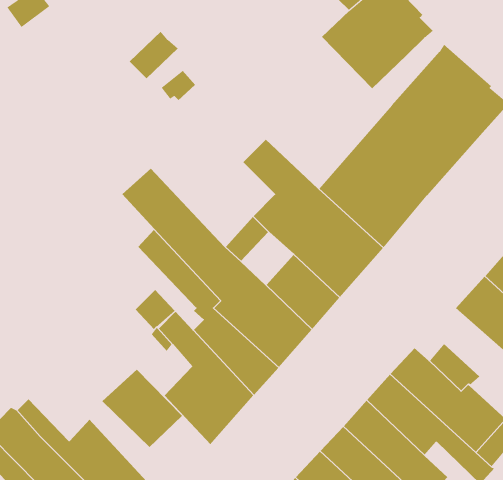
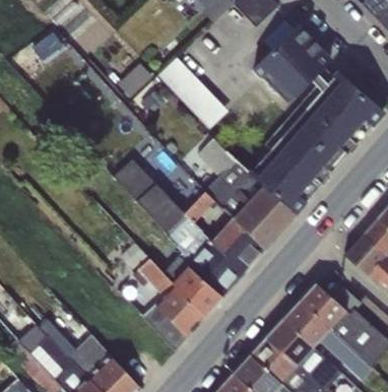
building: none -> [158,56,230,128]
building: [102,369,183,448] -> none

